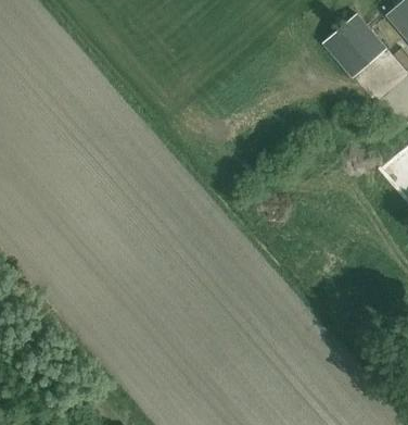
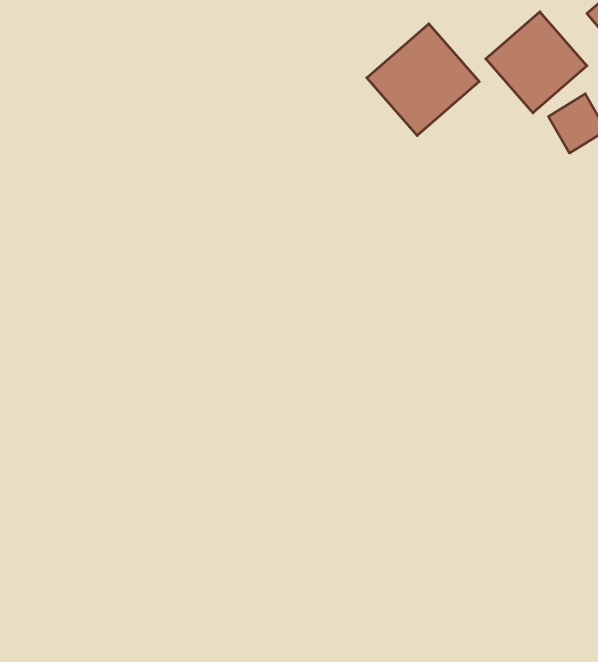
building: none -> [367,24,479,136]

